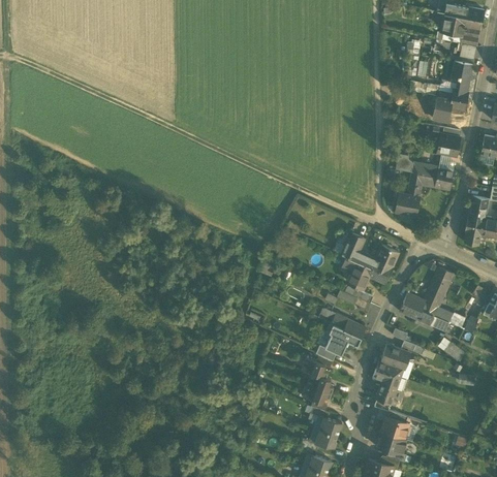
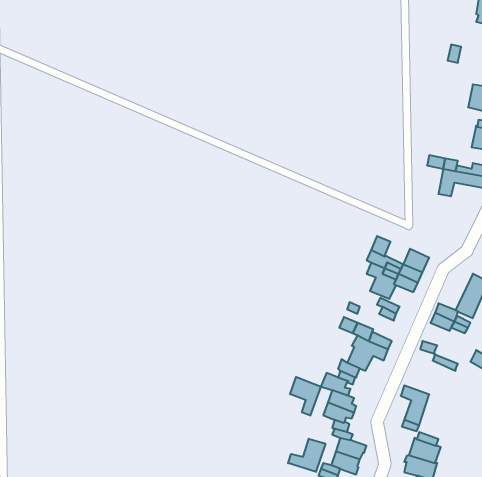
building: [395,193,418,215] -> none
building: [376,345,408,377] -> none
building: none -> [290,377,321,416]
building: none -> [288,439,325,472]

